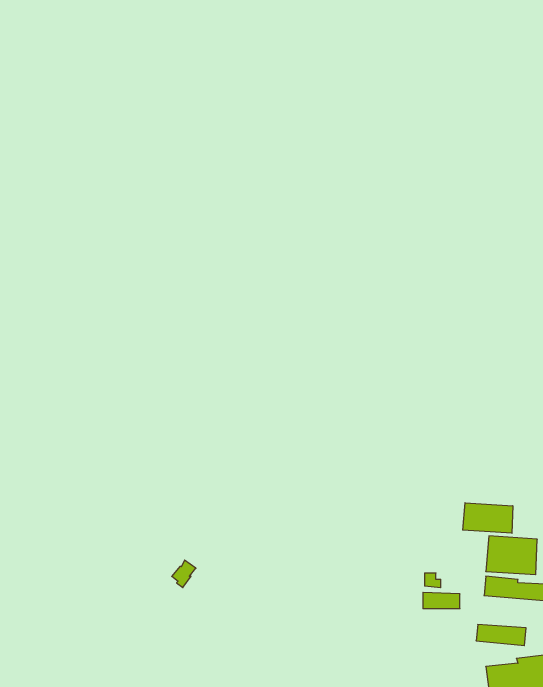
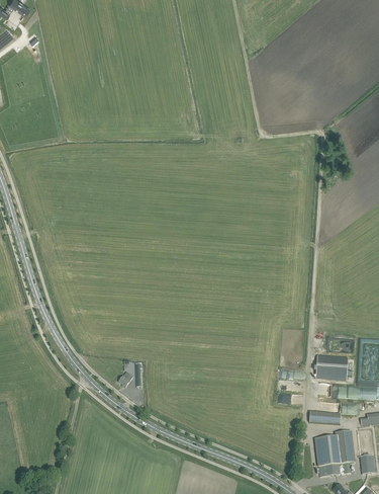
building: [463,503,513,533] -> none

